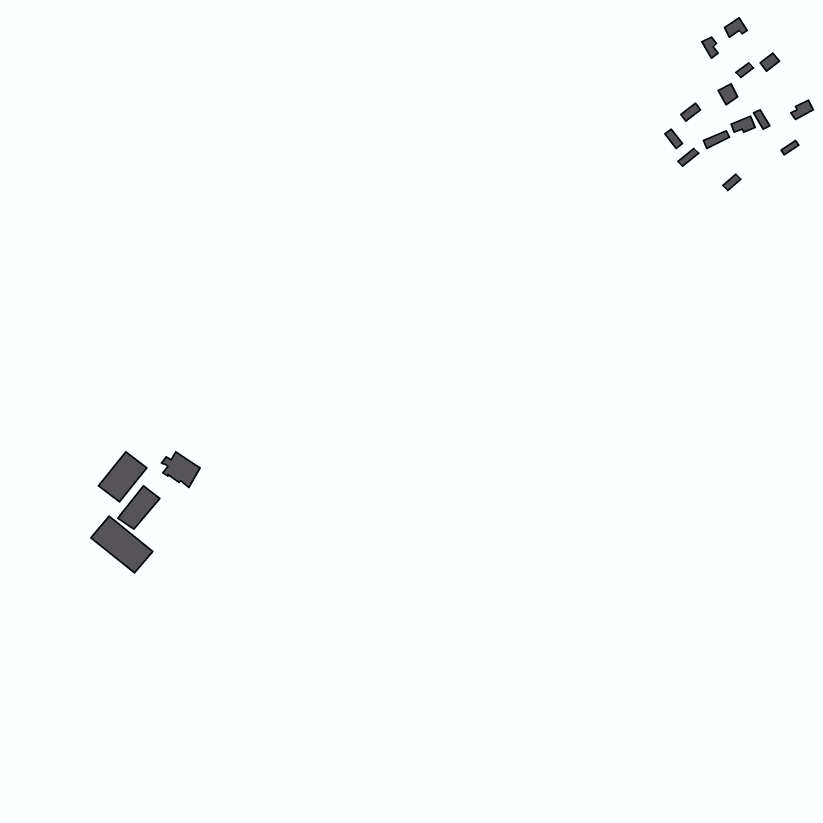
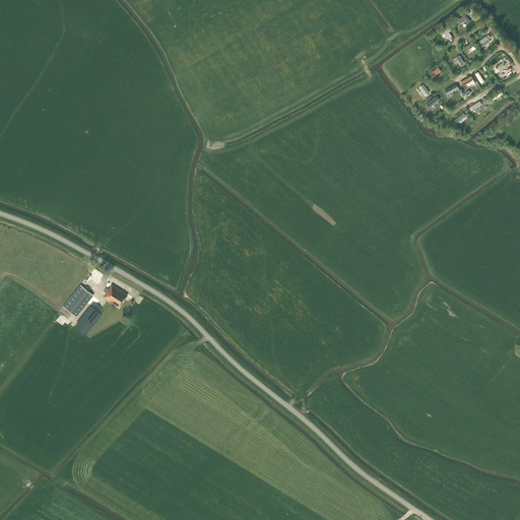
building: [91,516,153,573] -> none

